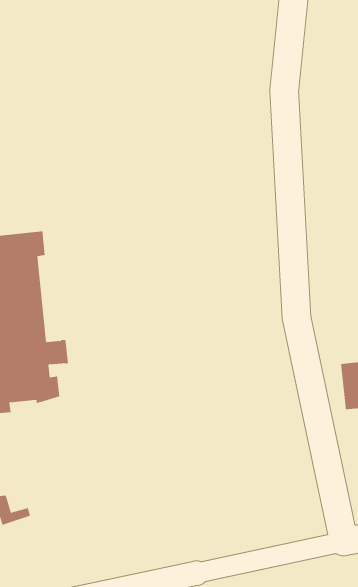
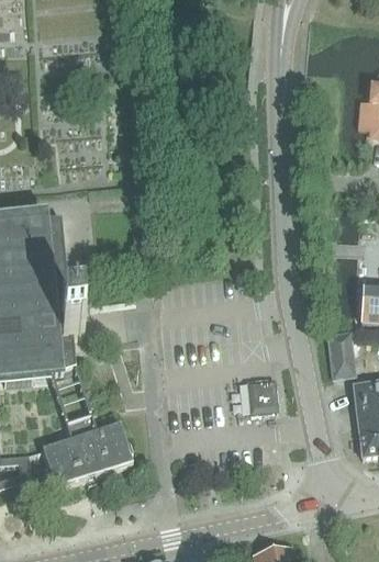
building: none -> [246,376,277,412]
building: none -> [41,414,131,488]

